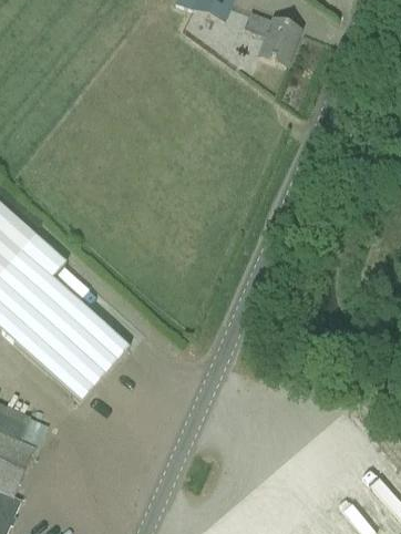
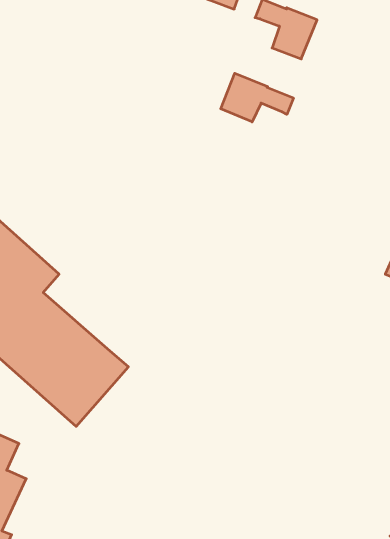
building: none -> [221,73,293,122]

